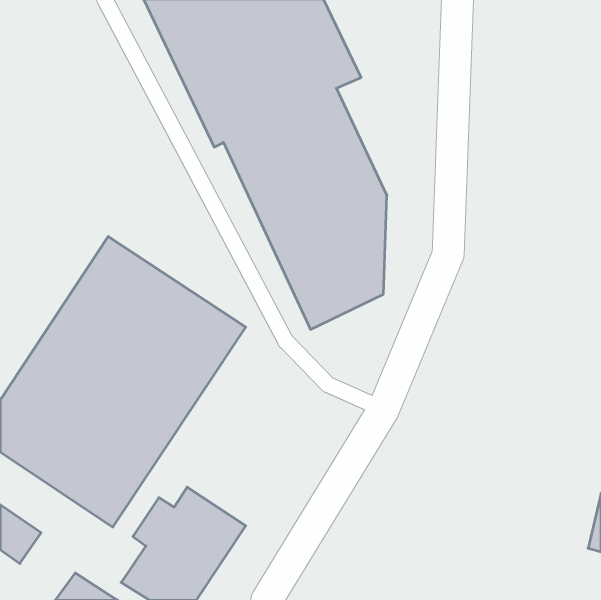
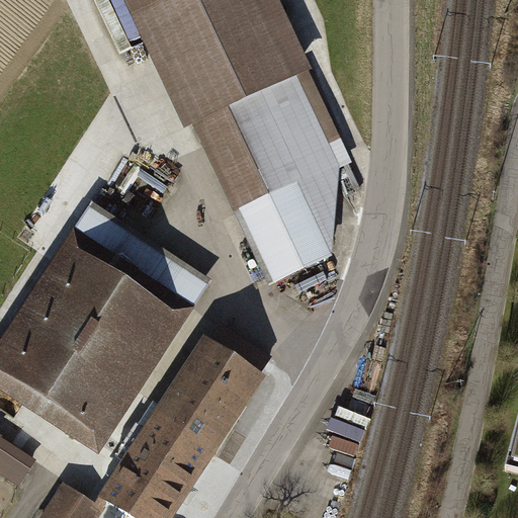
building: none -> [161,344,259,452]

